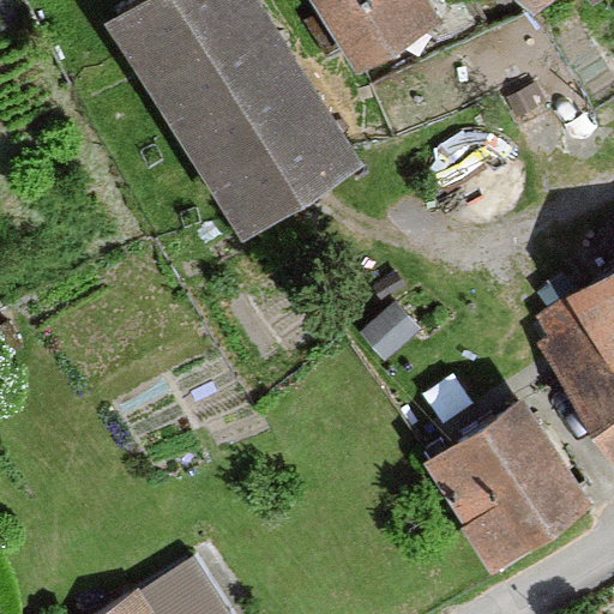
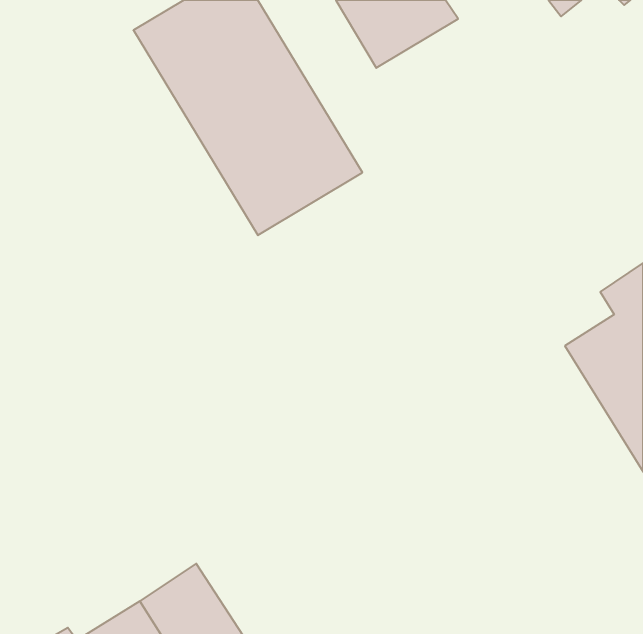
building: [435,417,578,566] -> none

